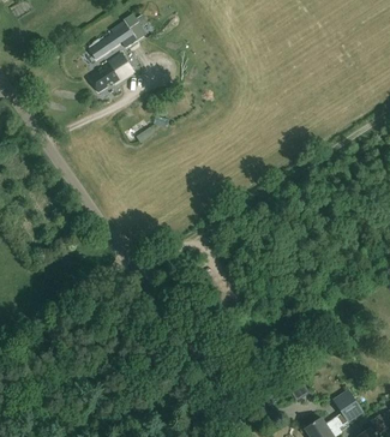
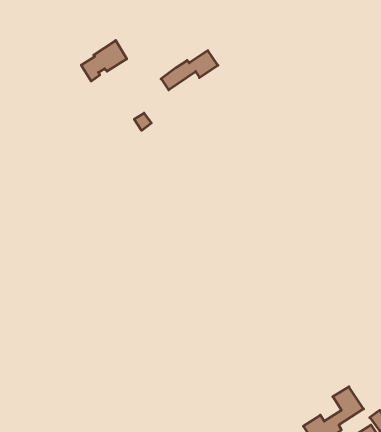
building: [88,22,143,60] -> [161,51,218,90]

